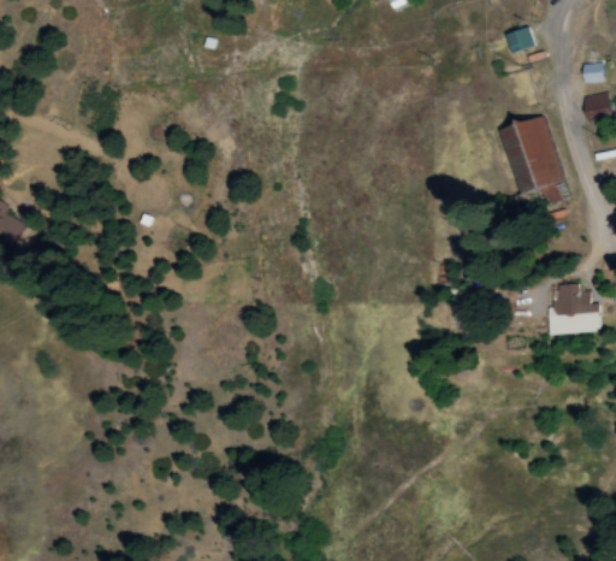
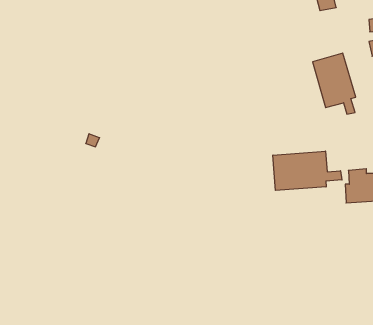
building: none -> [273,151,342,190]

